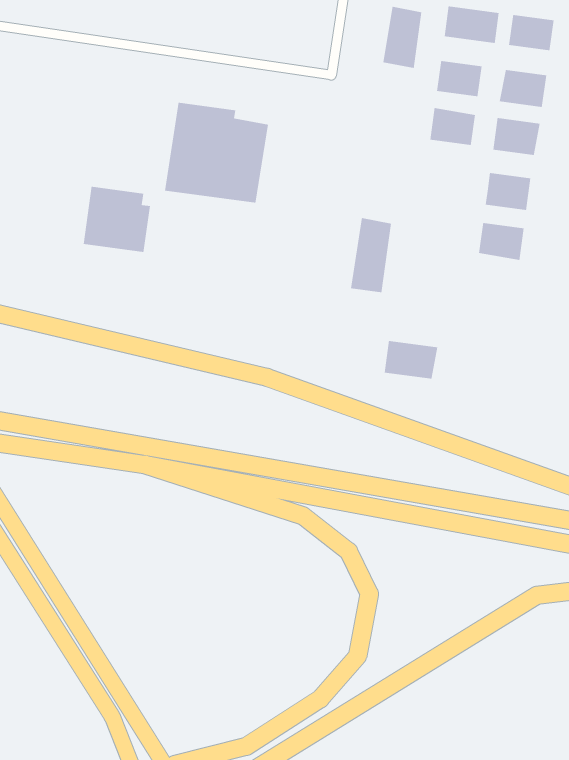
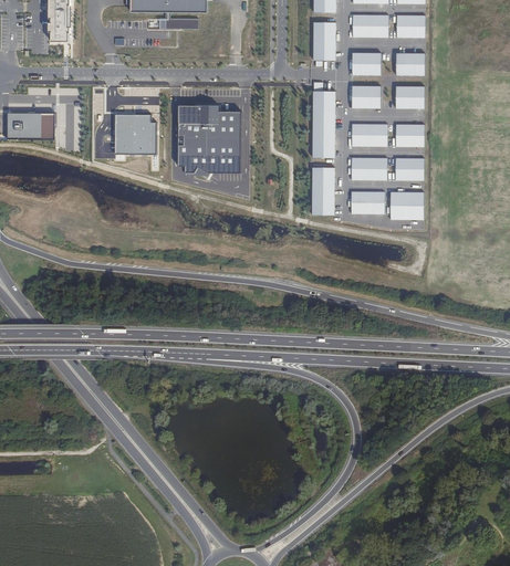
building: none -> [312,91,334,158]
building: none -> [350,124,385,146]
building: [83,186,151,253] -> [114,114,156,154]
building: none -> [350,157,386,179]
building: none -> [388,191,423,219]
building: [384,340,438,379] -> [350,191,384,213]

